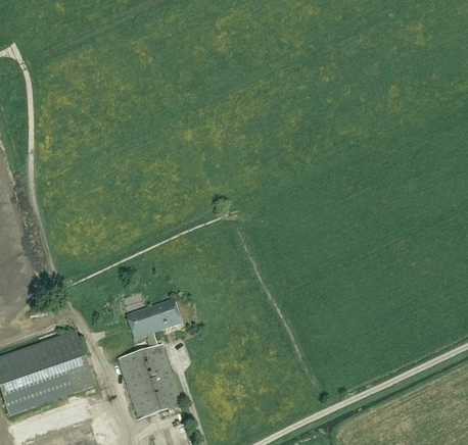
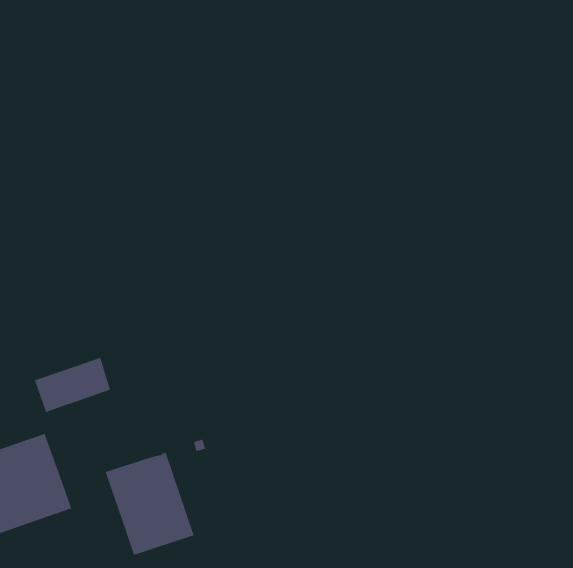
building: [126,298,181,338] -> [34,357,111,413]

